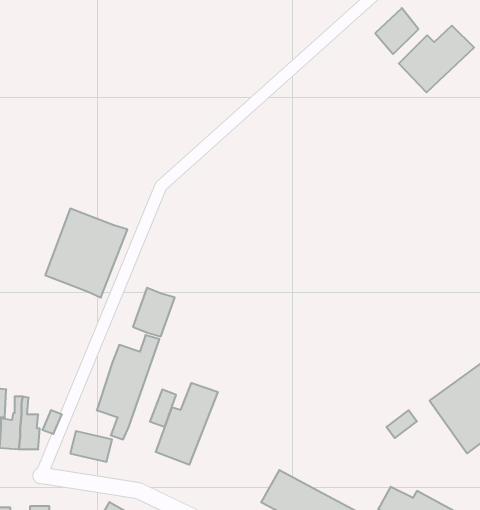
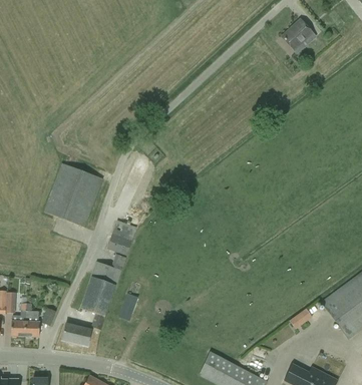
building: [399,26,474,92] -> none
building: [156,383,218,465] -> none

